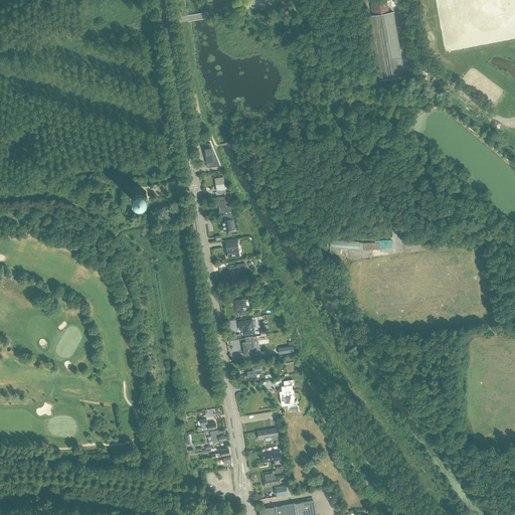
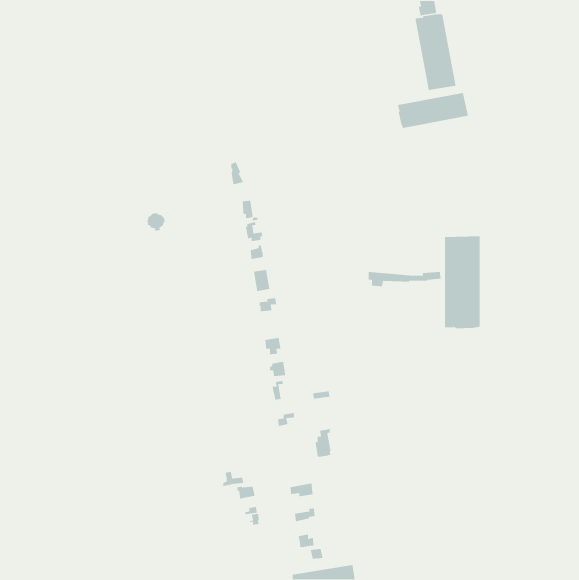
building: none -> [397,92,469,129]
building: none -> [444,235,480,329]

